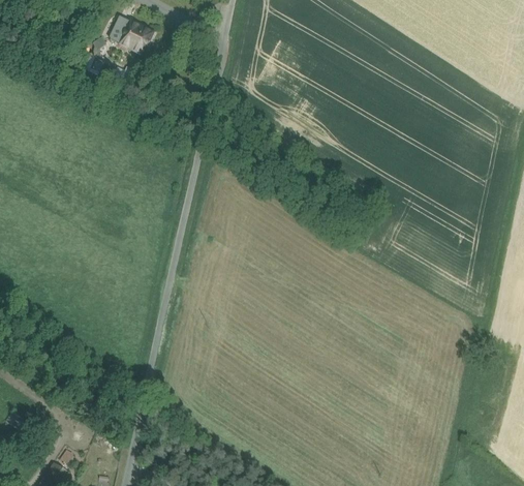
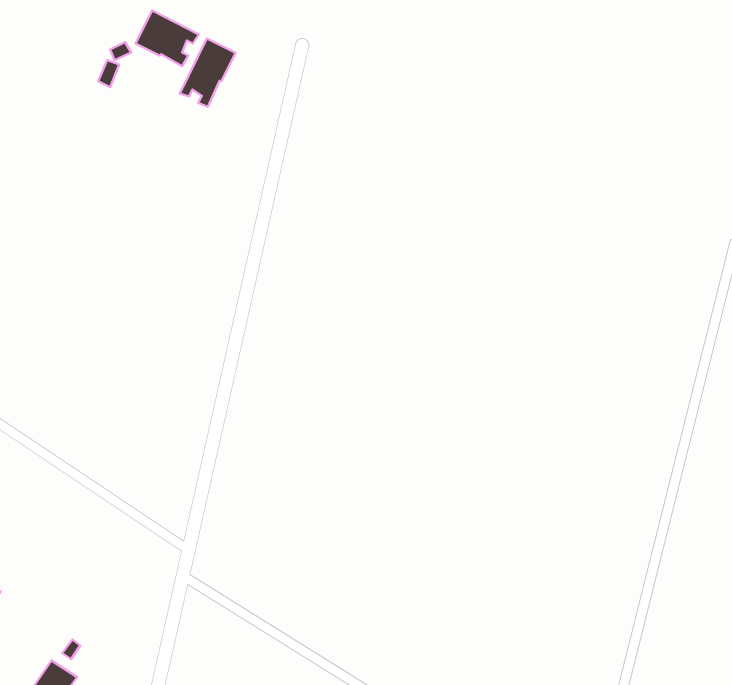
building: none -> [180,39,235,107]

